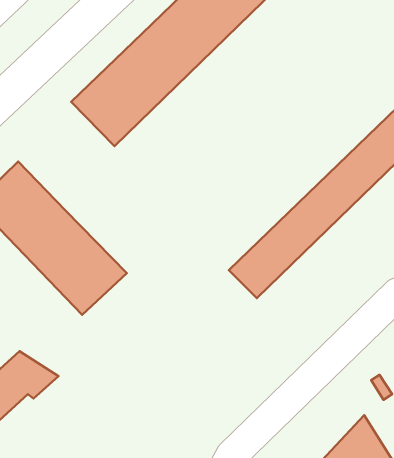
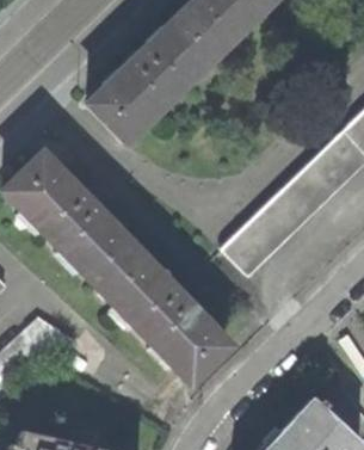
building: none -> [95,251,226,382]

